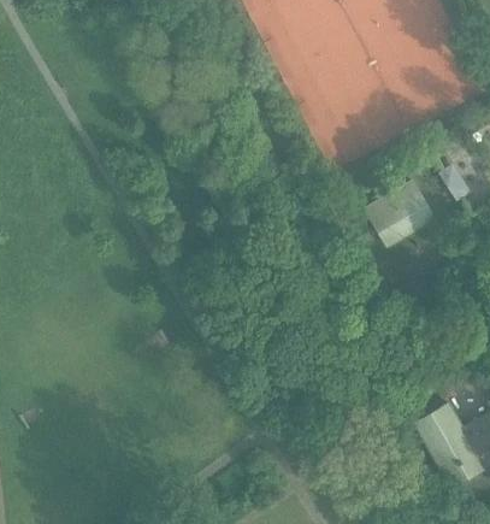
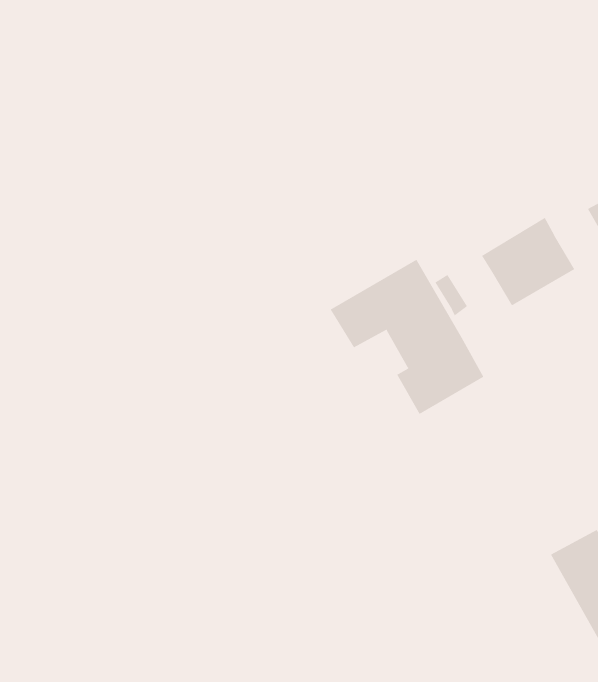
building: none -> [330,259,484,415]

